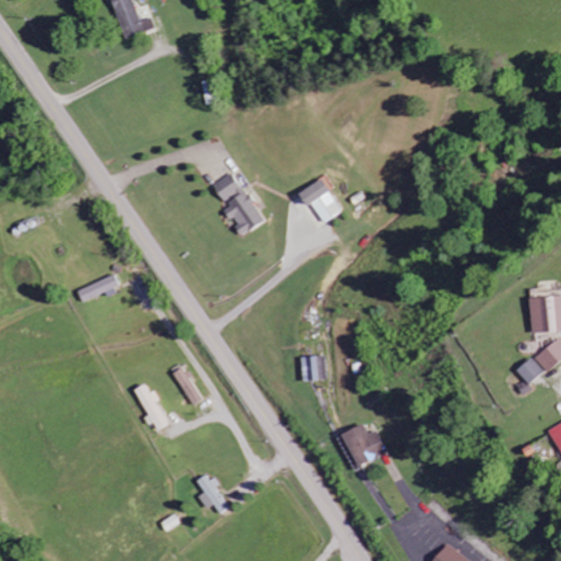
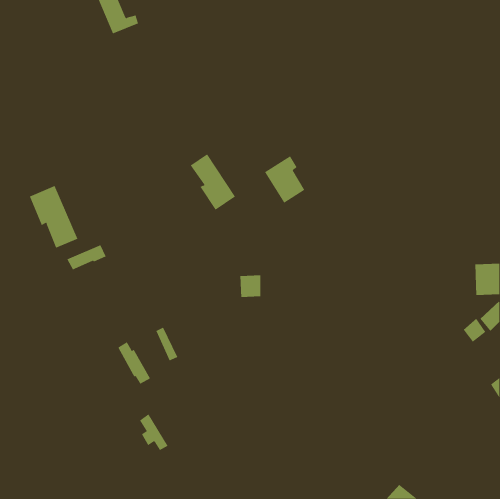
building: none -> [29,185,78,249]
building: [302,355,327,380] -> [239,275,261,297]
building: [342,423,388,466] -> none
building: [195,472,228,514] -> [139,413,168,451]

